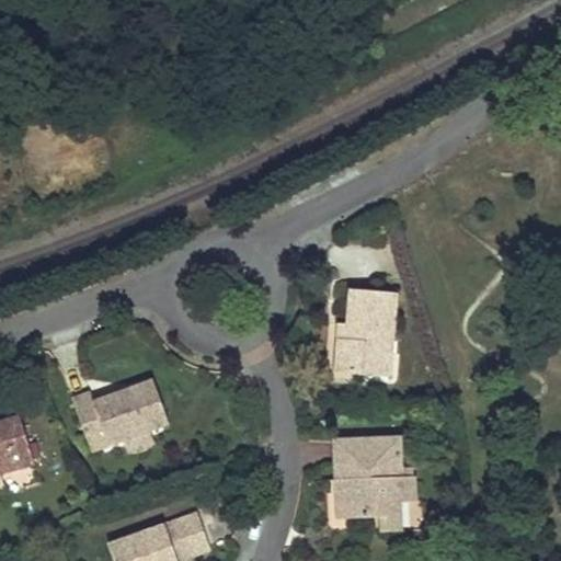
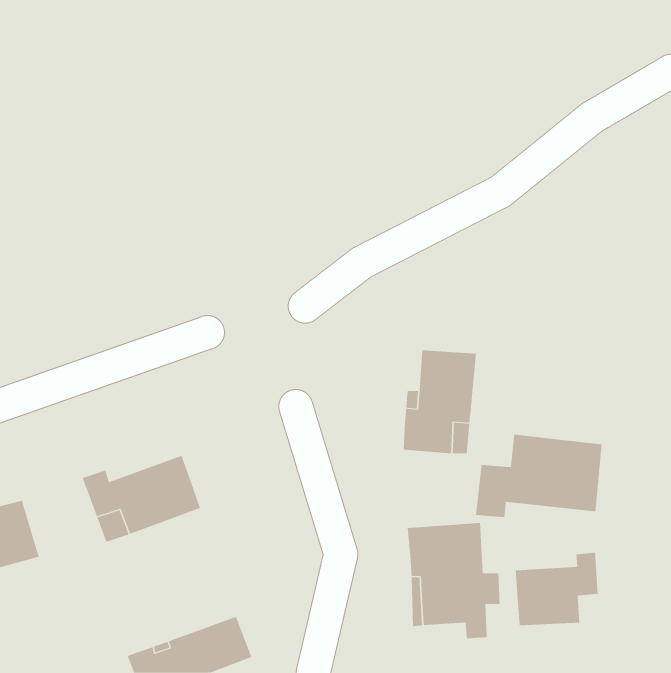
building: none -> [476,434,602,518]
building: none -> [515,552,598,626]

